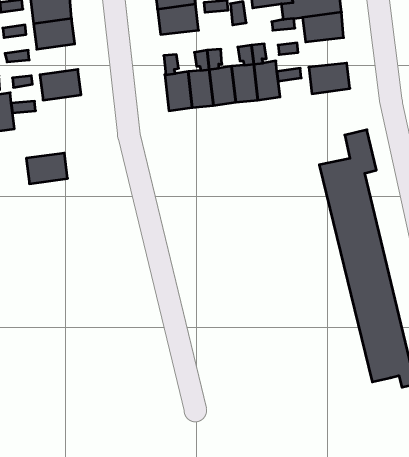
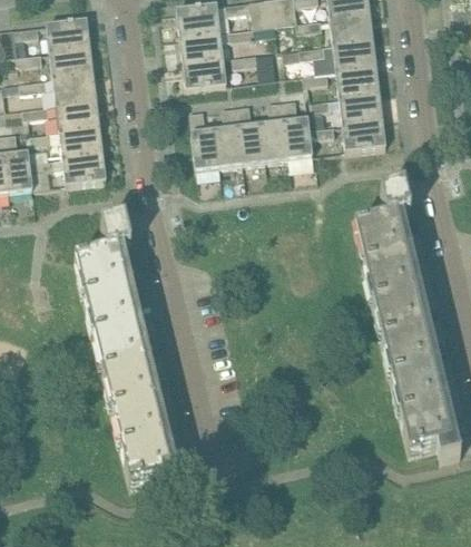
building: none -> [341,91,384,123]
building: none -> [58,98,101,130]
building: [26,153,68,184] -> [65,152,108,184]
building: none -> [77,222,177,492]

